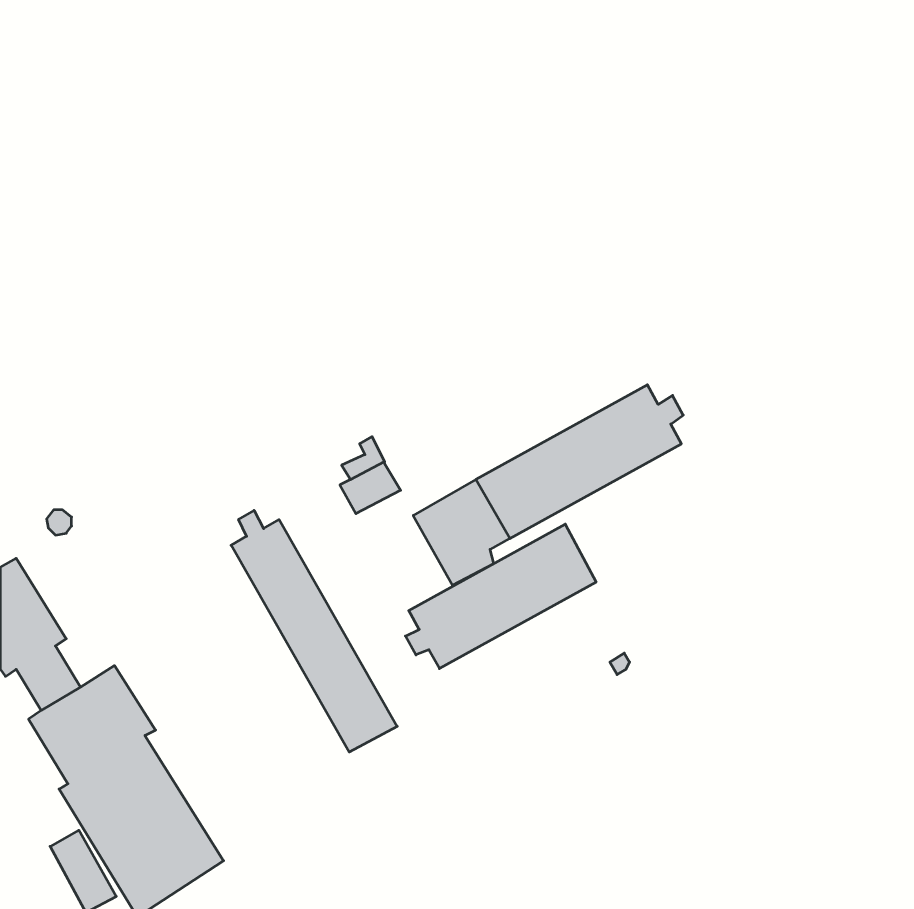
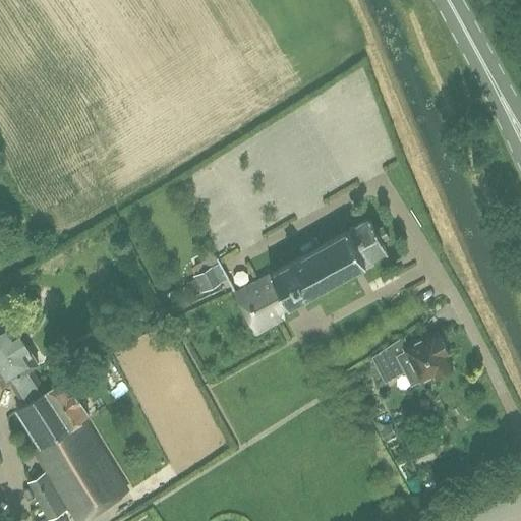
building: [231,510,397,752] -> none
building: [405,524,596,669] -> none
building: none -> [372,336,452,386]

